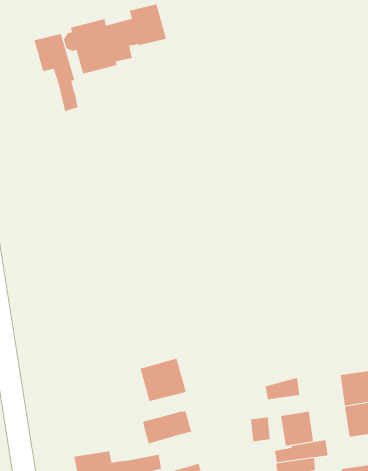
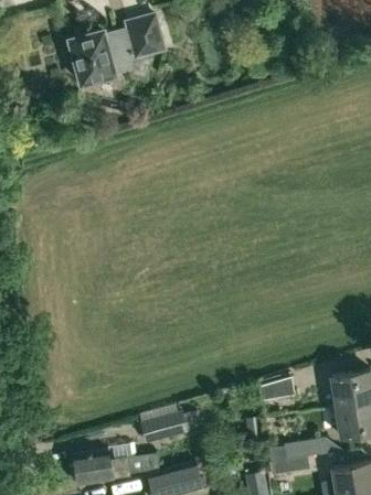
building: [34,33,78,112] -> none
building: [140,358,187,402] -> none
building: [281,411,313,446] -> none

